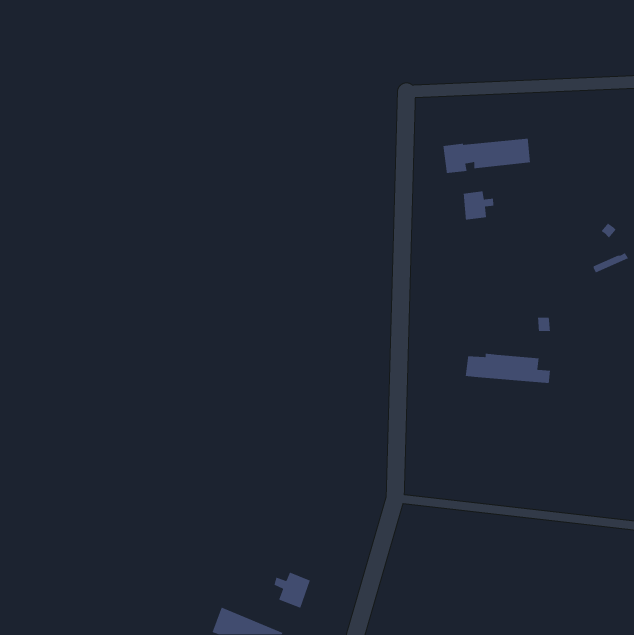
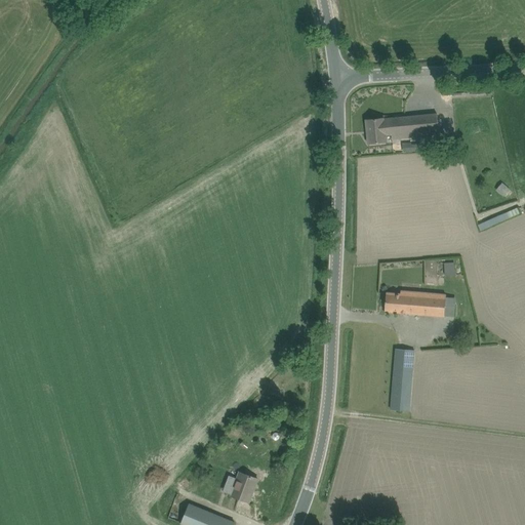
building: [463,190,494,220] -> none
building: none -> [390,349,414,411]

